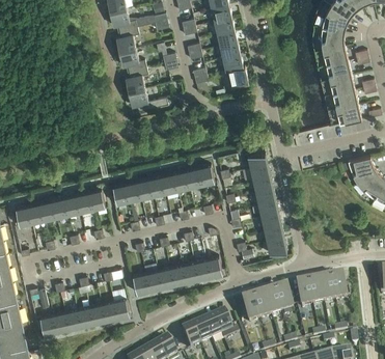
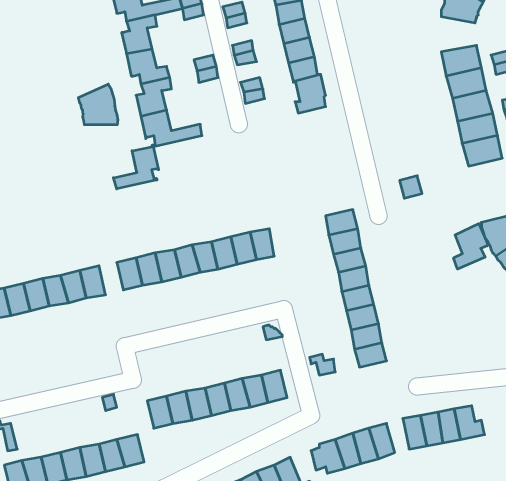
building: [320,25,343,48] -> none
building: none -> [78,84,118,125]
building: none -> [113,147,159,189]
building: none -> [454,224,488,269]

